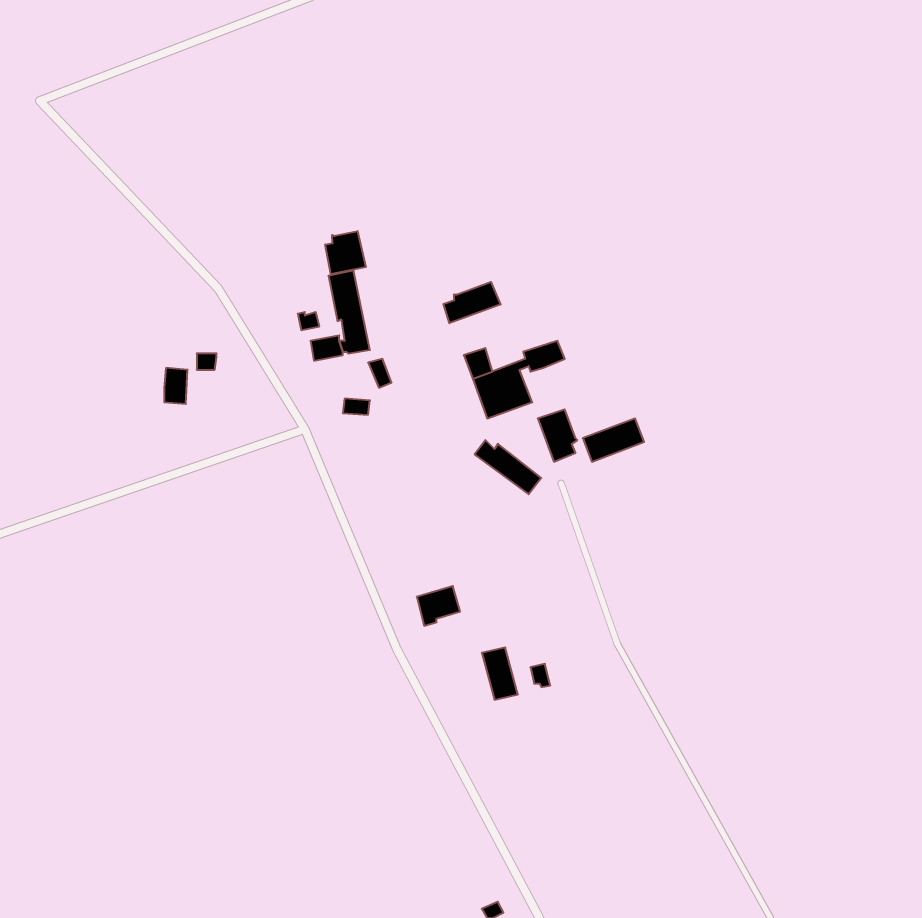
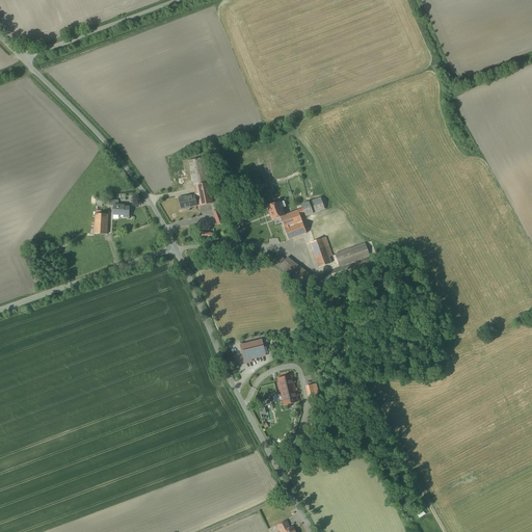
building: [325,231,366,274] -> none
building: [443,282,501,323] -> none

